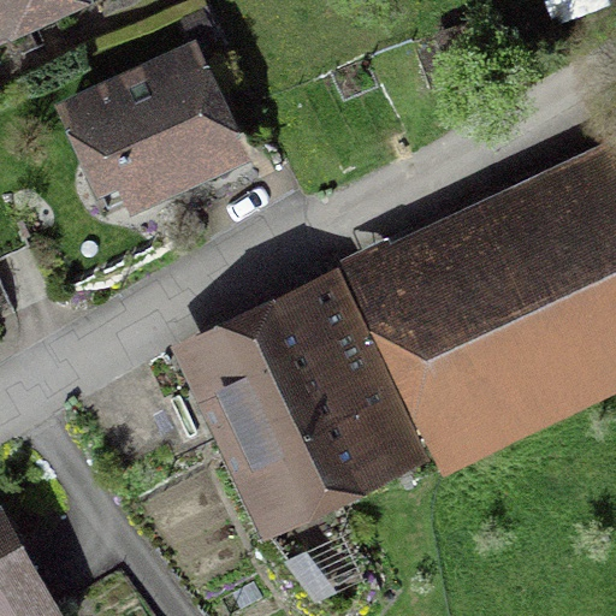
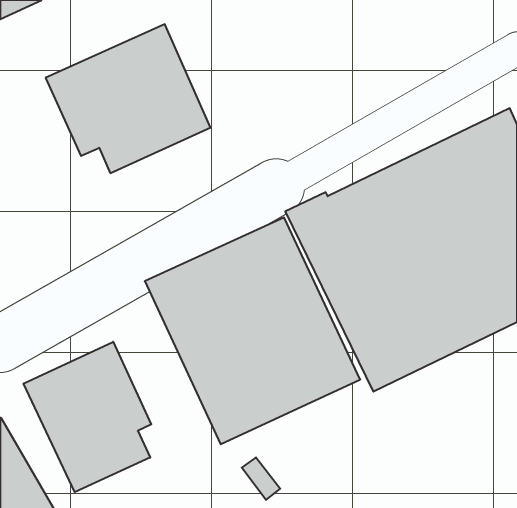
building: none -> [24,342,151,492]

